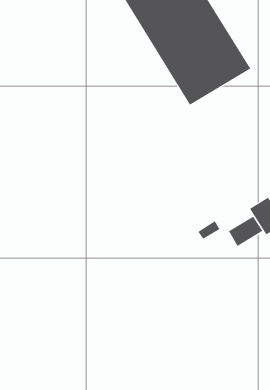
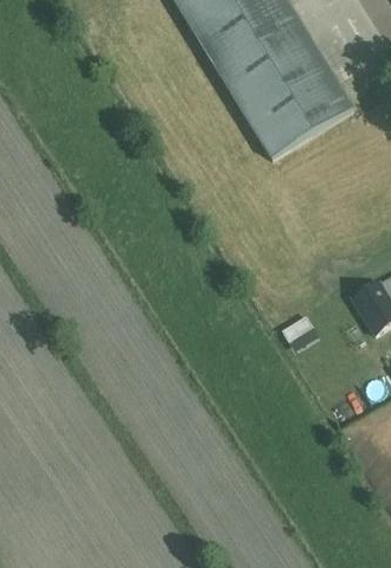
building: [228,216,263,247] -> none

